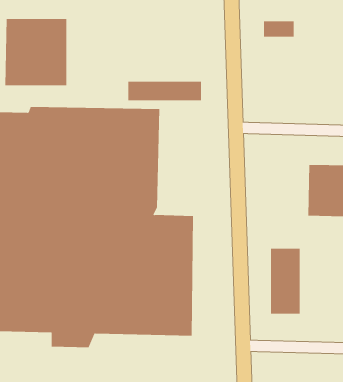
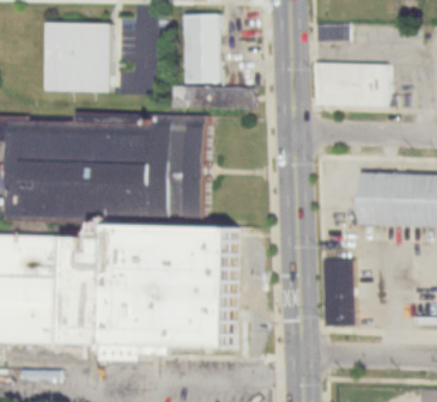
building: none -> [184,14,219,83]
building: none -> [315,65,384,105]

